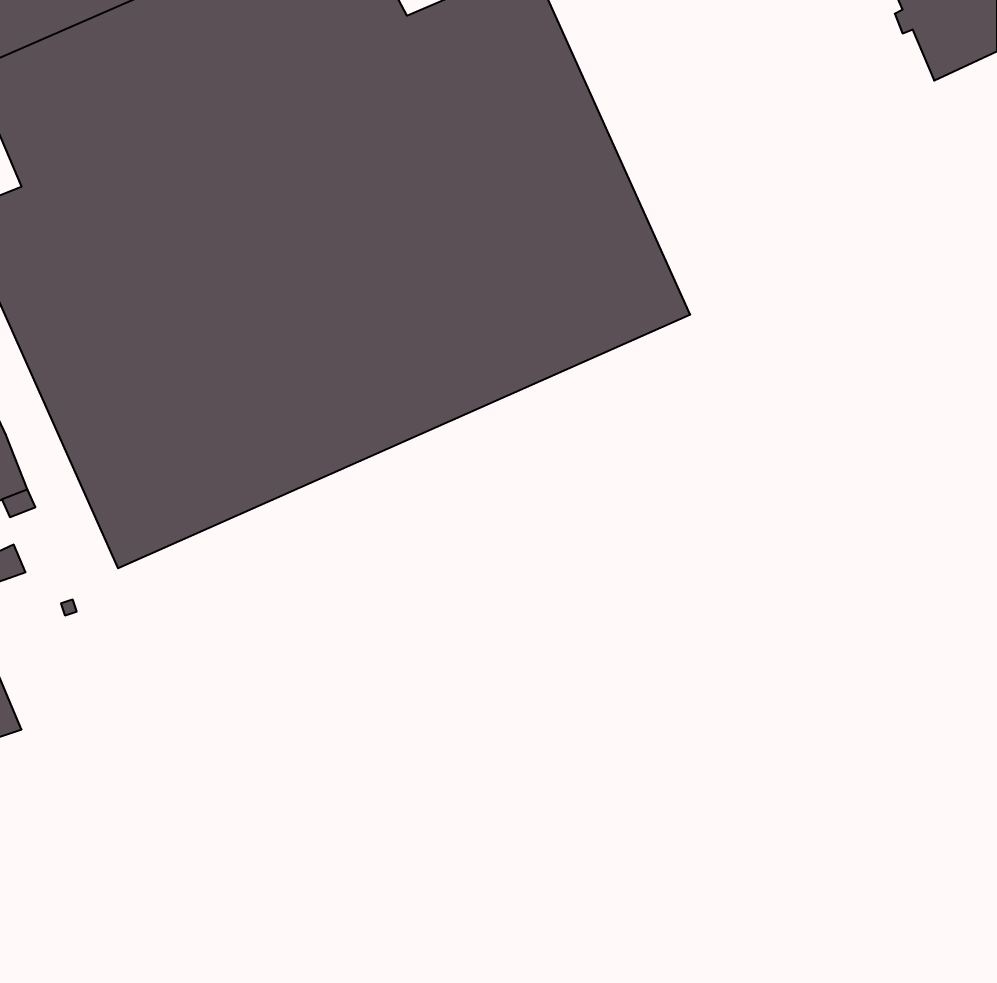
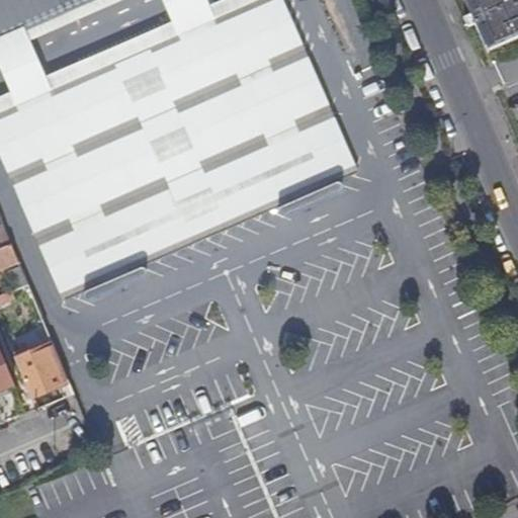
building: none -> [9,335,58,388]

